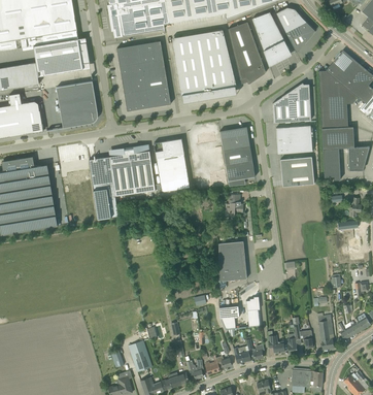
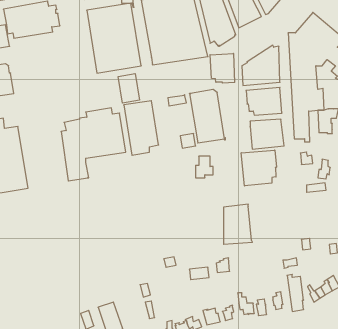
building: [57,80,98,128] -> none
building: none -> [210,53,235,83]
building: none -> [118,74,139,103]
building: none -> [241,150,276,186]
building: [218,240,247,281] -> [224,204,252,244]

